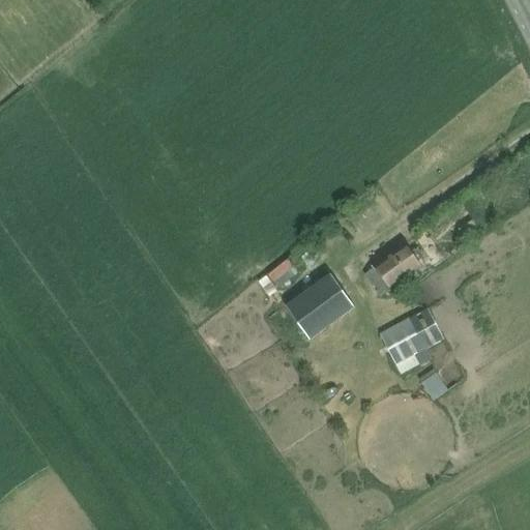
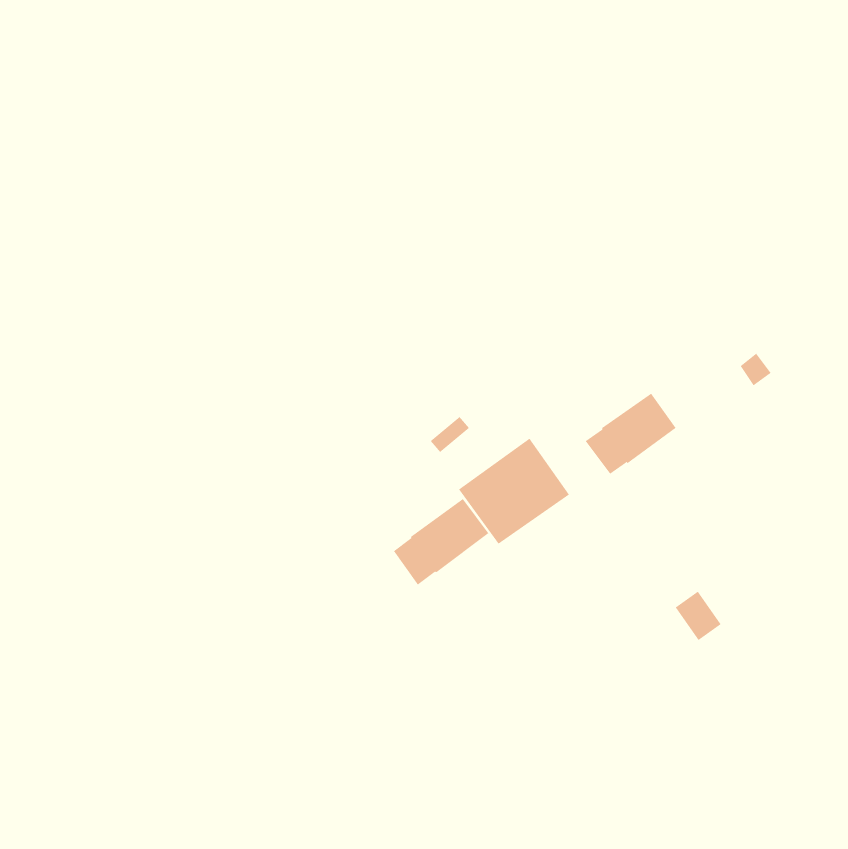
building: [379,308,442,363] -> none
building: none -> [393,498,489,586]

